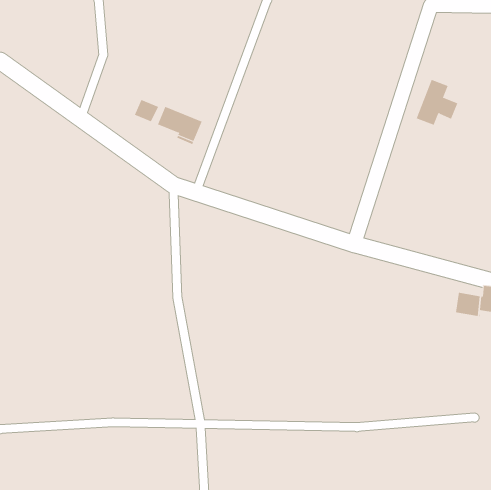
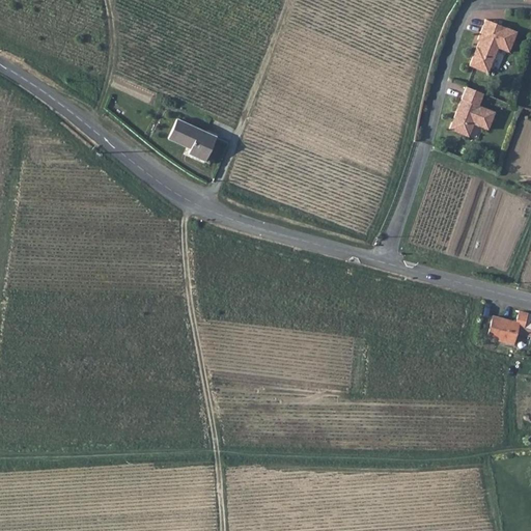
building: none -> [469,21,515,75]
building: [134,99,159,122] -> none

